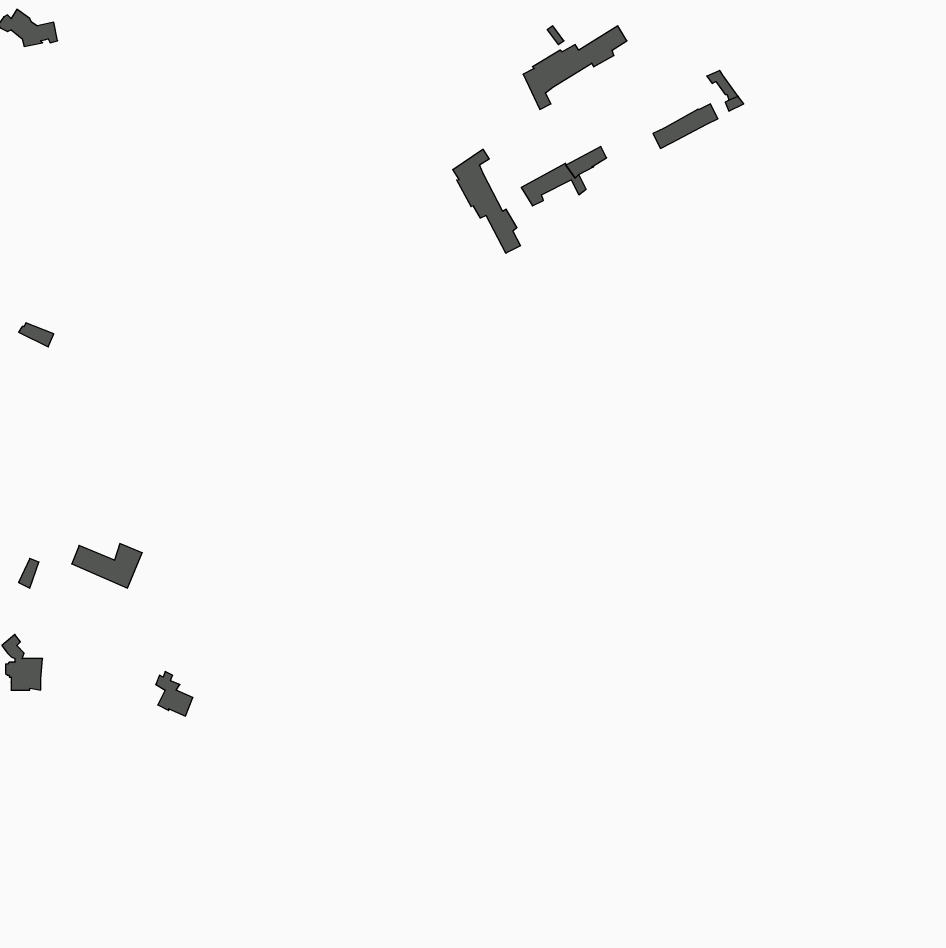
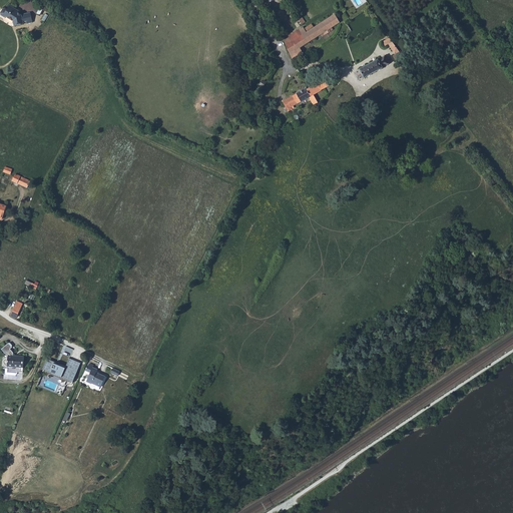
building: [453,149,520,253] -> none
building: [72,544,142,588] -> [42,358,80,382]

